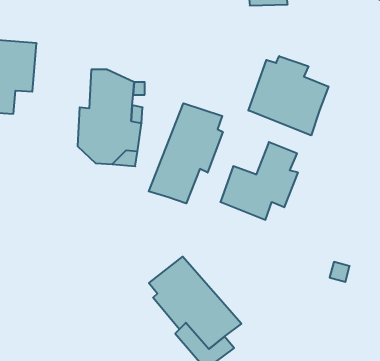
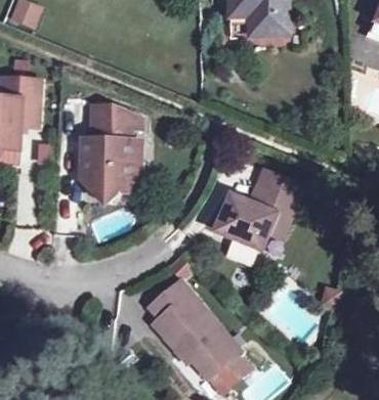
building: [248,56,328,135] -> none
building: [149,103,223,203] -> none

